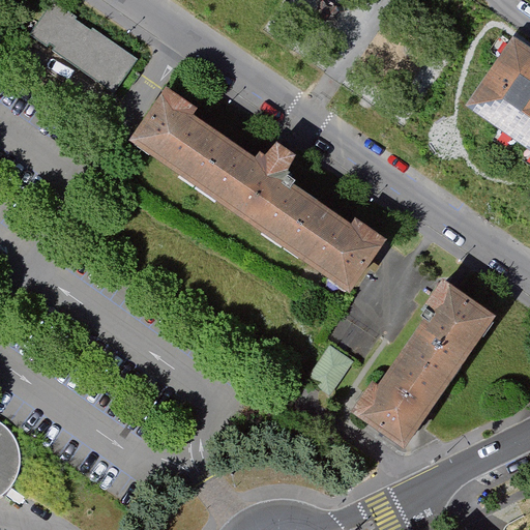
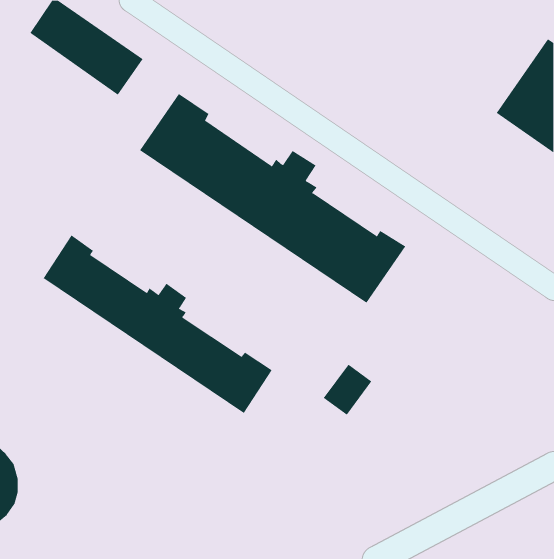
building: none -> [43,235,272,414]
building: [352,281,494,447] -> none

